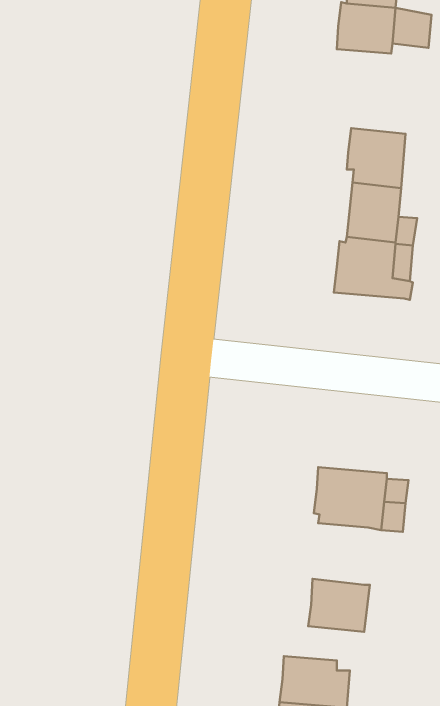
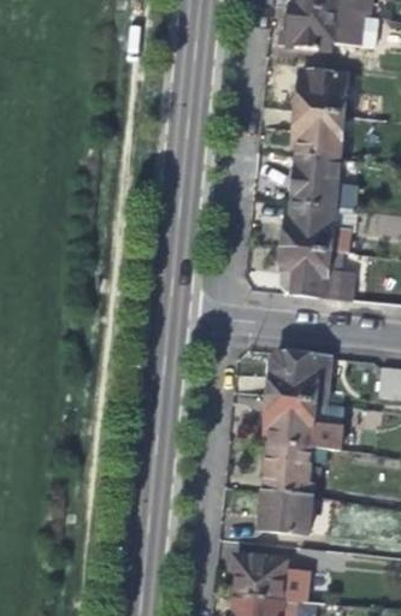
building: none -> [296,71,347,116]
building: none -> [278,249,355,298]
building: none -> [269,353,331,401]
building: none -> [264,443,311,494]

